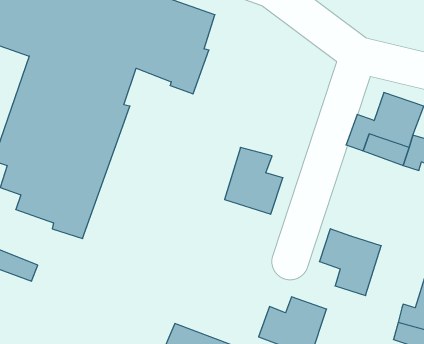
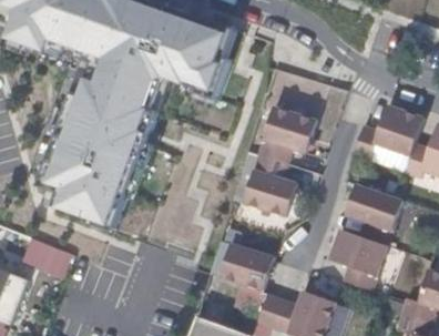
building: none -> [258,105,317,161]
building: none -> [345,182,401,243]
building: none -> [223,243,285,326]

